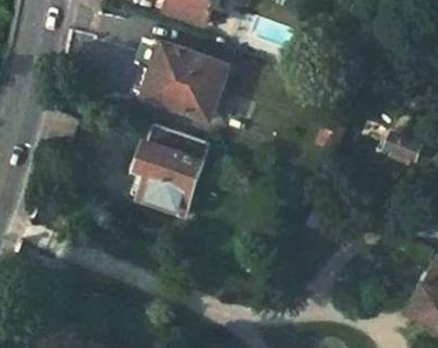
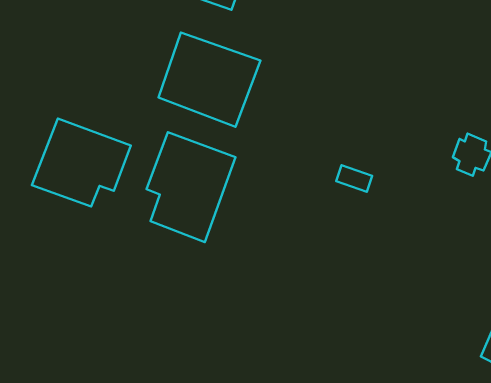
building: none -> [32,119,131,206]

